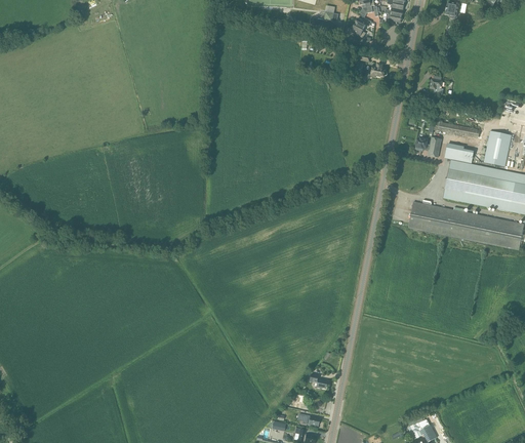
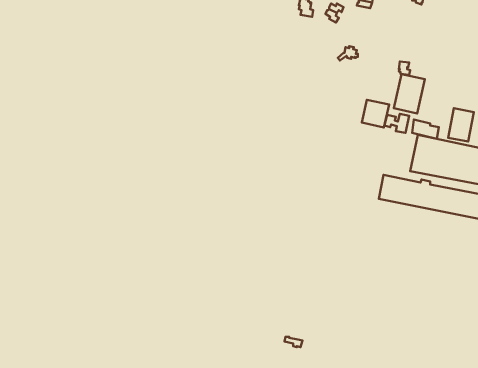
building: none -> [394,74,425,113]
building: none -> [362,100,389,127]

